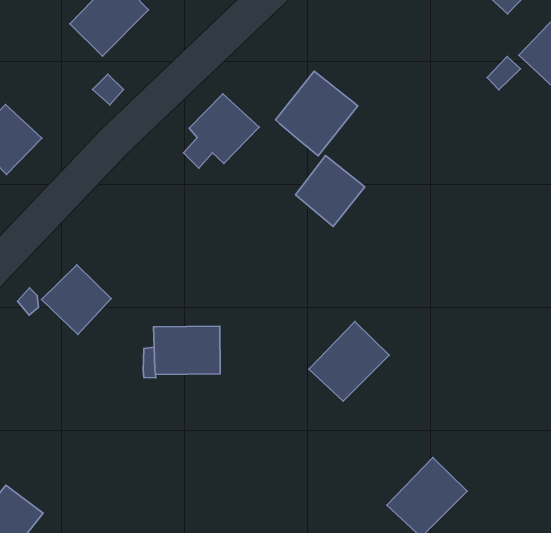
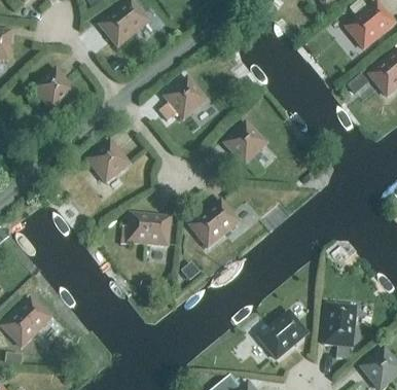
building: [275,71,358,156] -> none
building: [41,265,111,335] -> [86,141,129,183]
building: [309,321,389,401] -> [189,201,239,248]
building: none -> [324,305,356,359]

